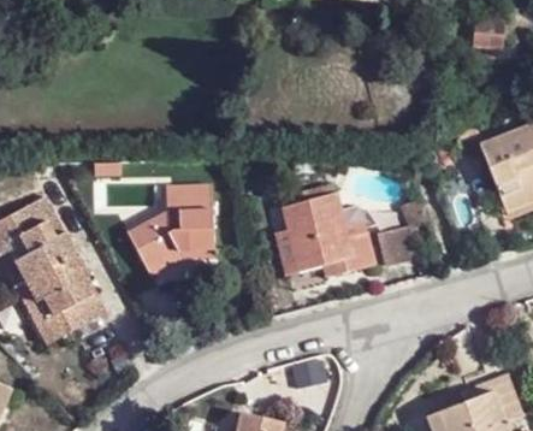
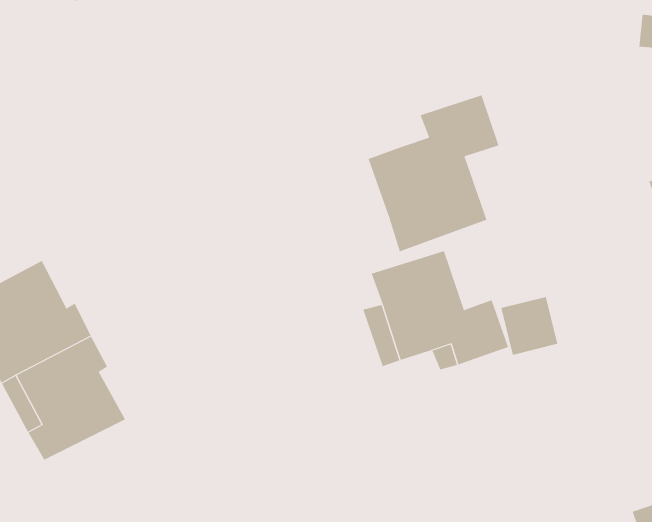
building: none -> [368,95,499,252]
building: [122,191,211,271] -> none

